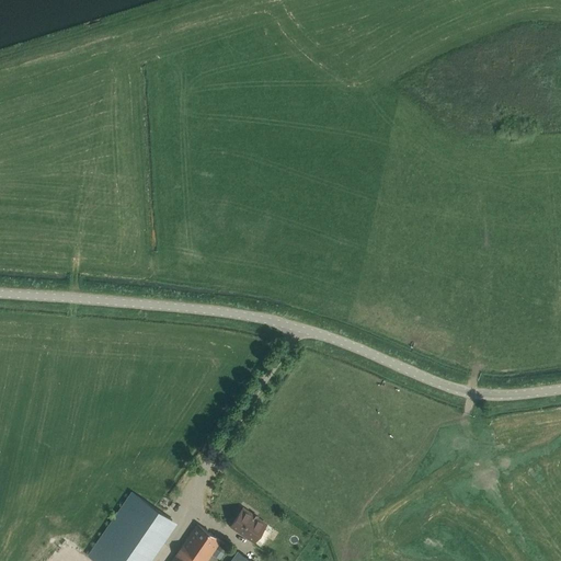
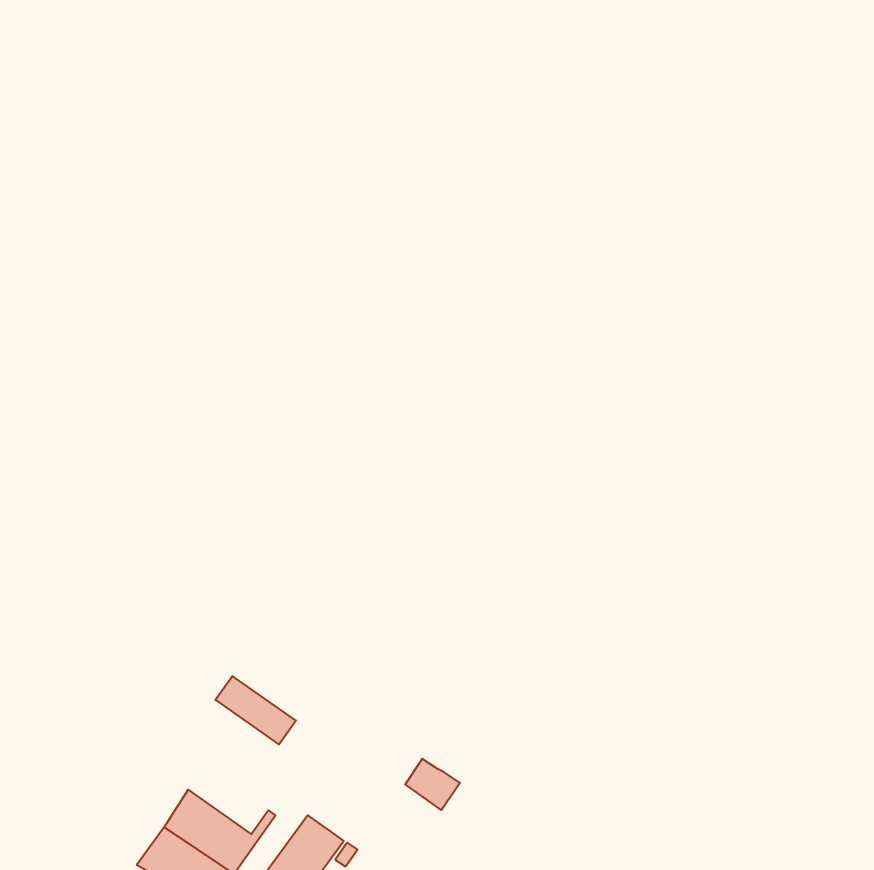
building: [121,493,172,537] -> [215,676,296,744]
building: [231,511,266,543] -> [405,759,460,810]

